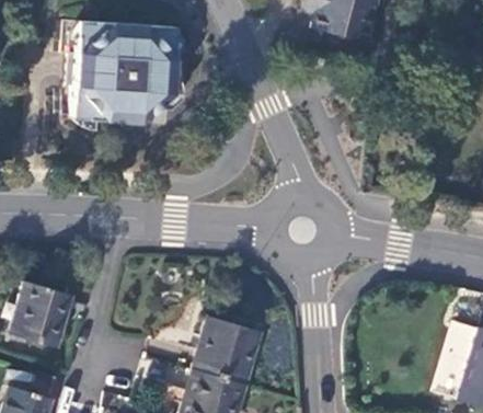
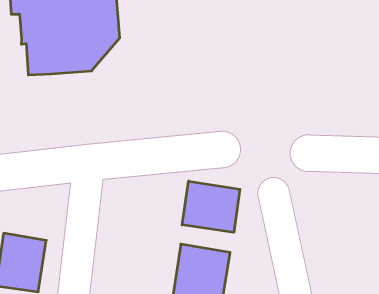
building: none -> [182,181,240,232]

